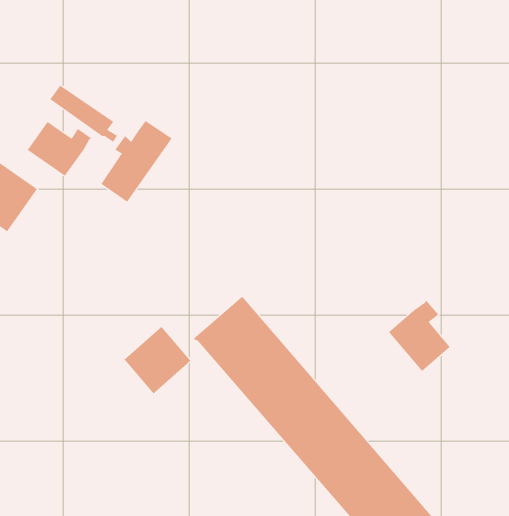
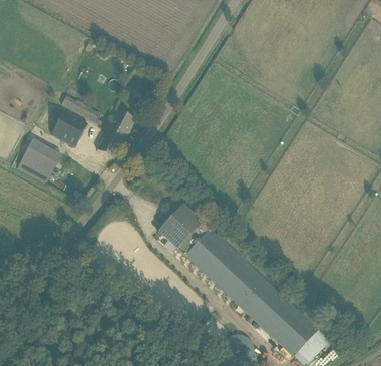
building: [388,300,450,372] -> none
building: [124,326,191,394] -> none

